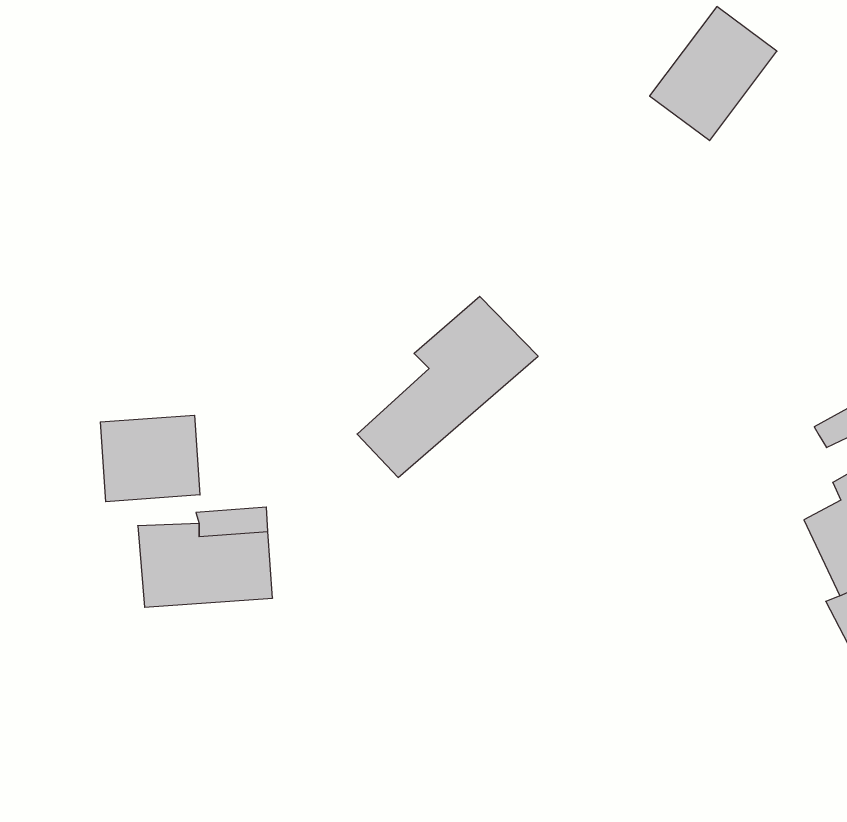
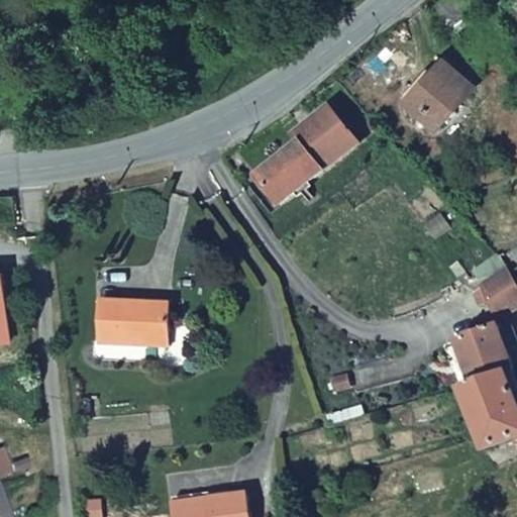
building: [357,296,538,477] -> [251,110,354,202]
building: [100,415,200,502] -> none

